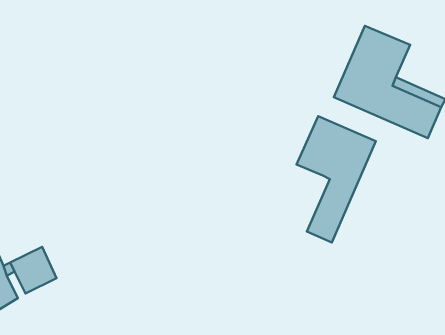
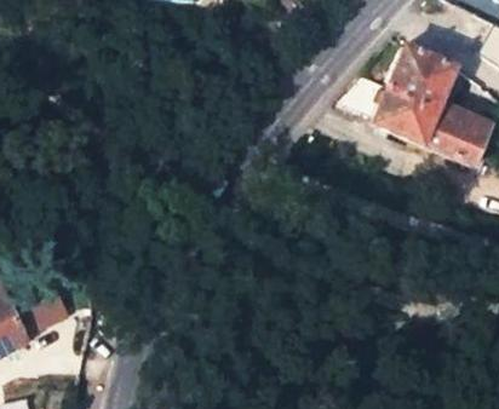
building: [296,116,376,243] -> none

